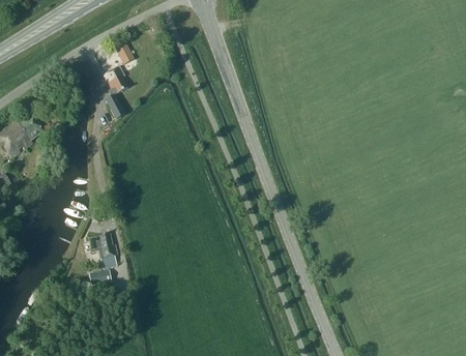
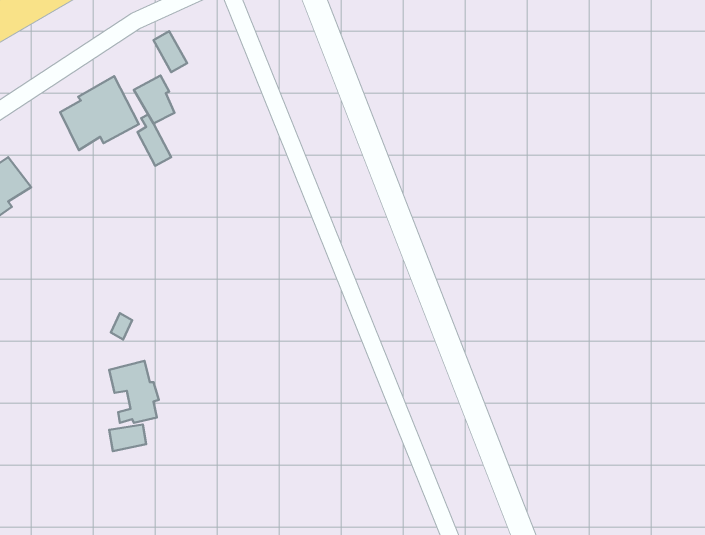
building: none -> [60,76,139,150]

